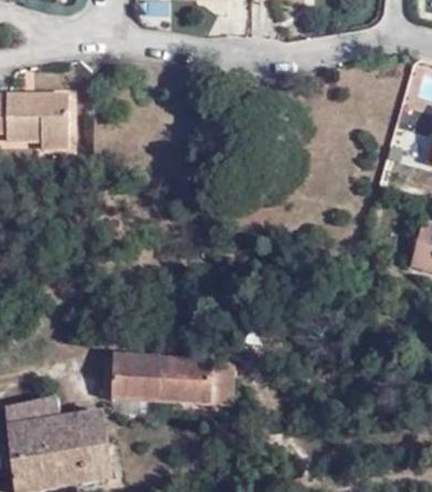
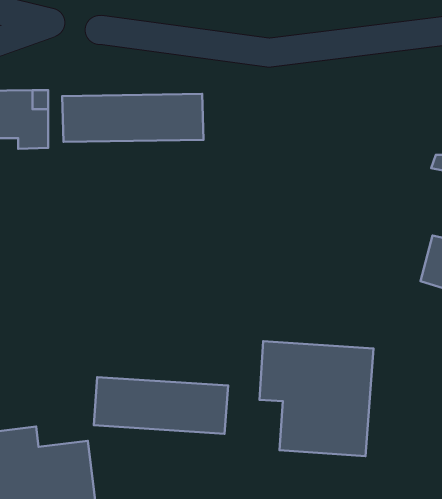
building: none -> [62,94,204,142]
building: none -> [260,341,373,456]

